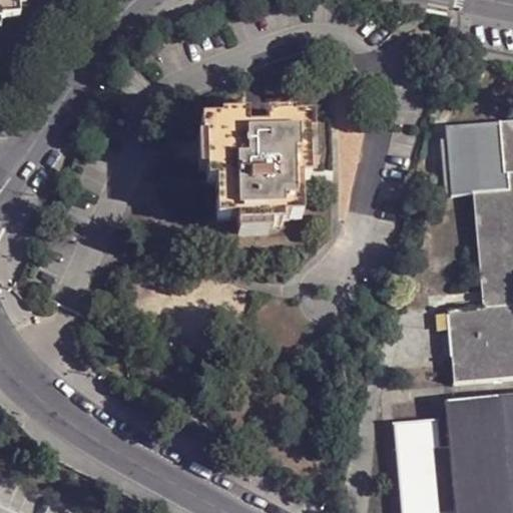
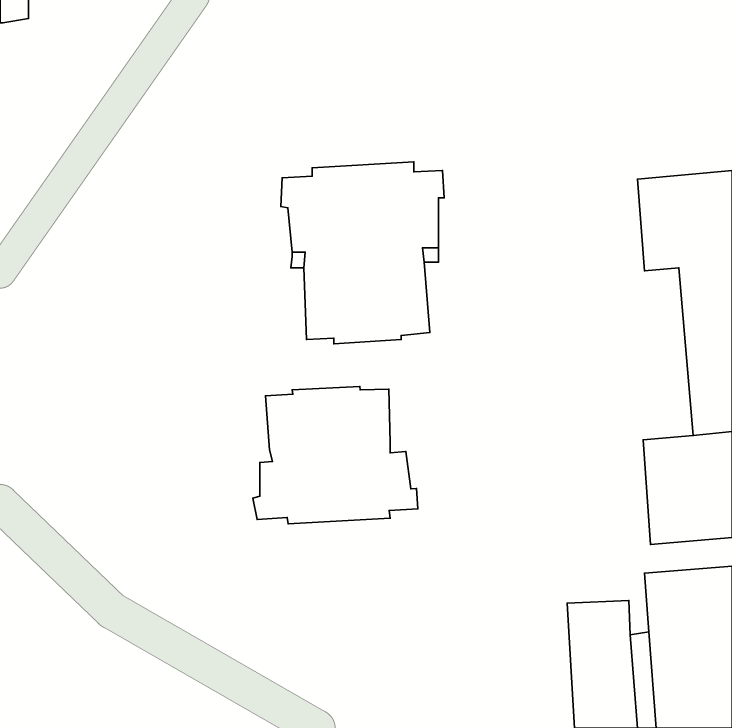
building: none -> [253,387,418,524]

